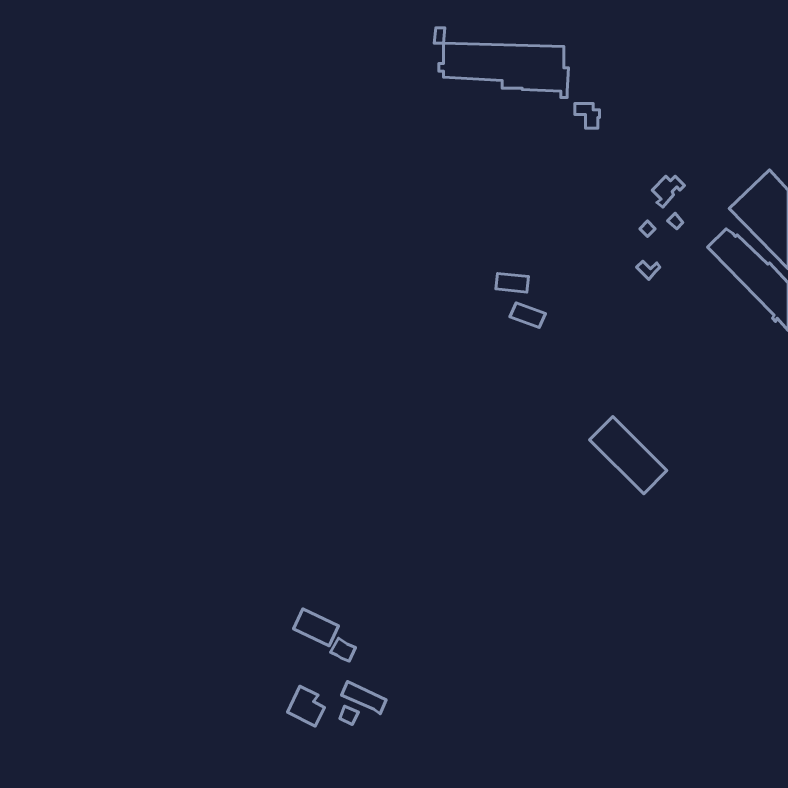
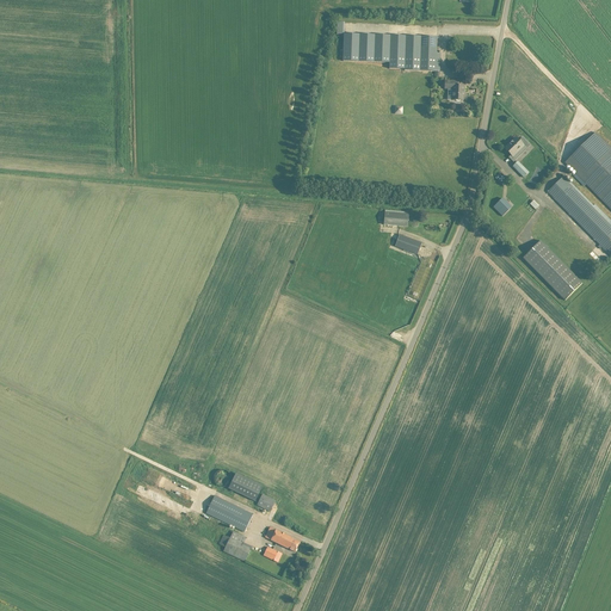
building: [590,417,667,494] -> [521,240,581,300]
building: none -> [205,495,252,531]

